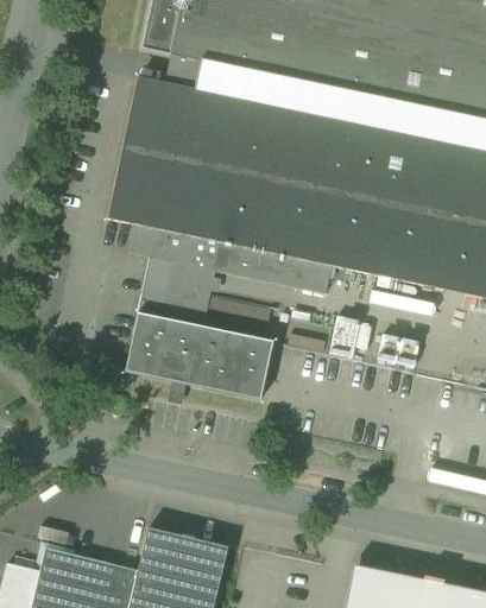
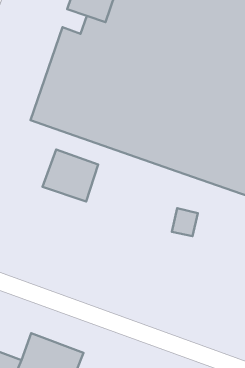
building: [130,224,332,294] -> none
building: [126,314,273,400] -> none

